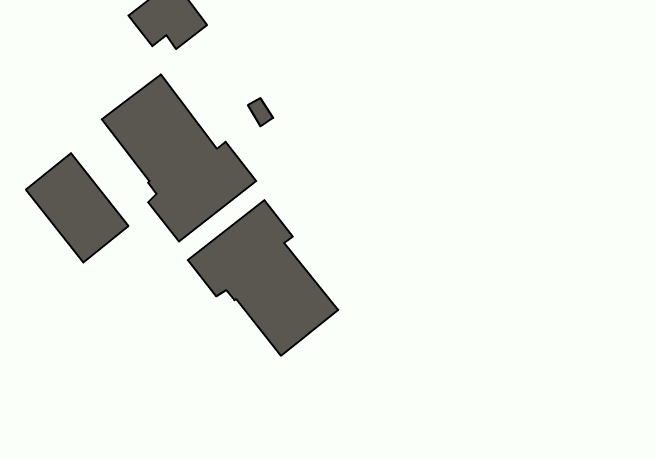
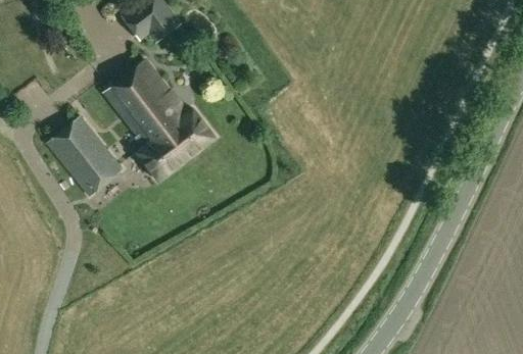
building: [188,200,338,356] -> none

